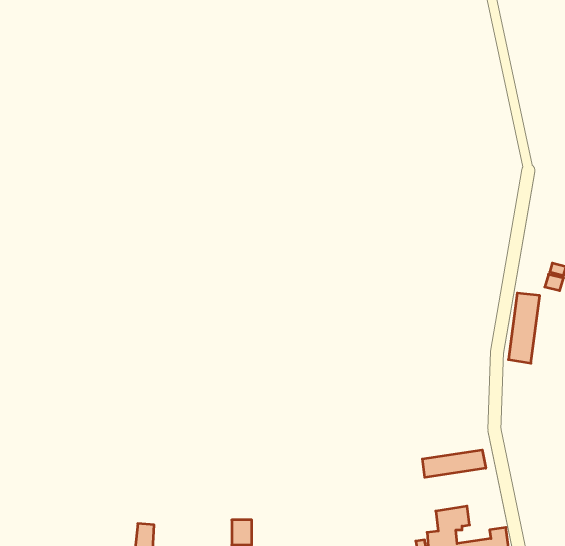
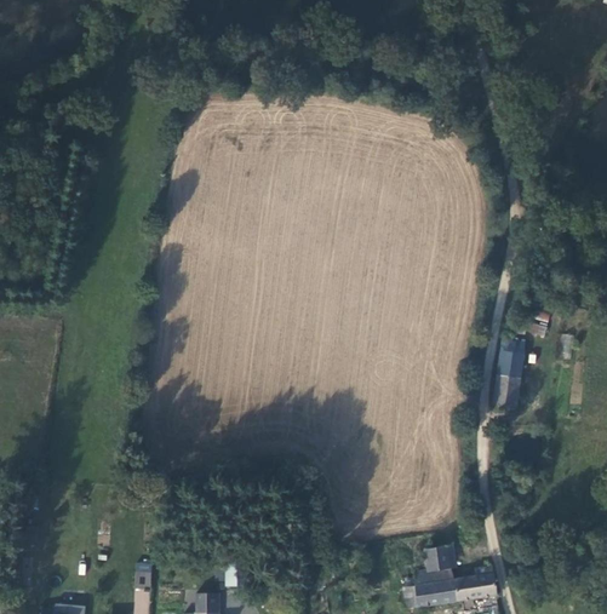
building: [422,450,486,477] -> none

